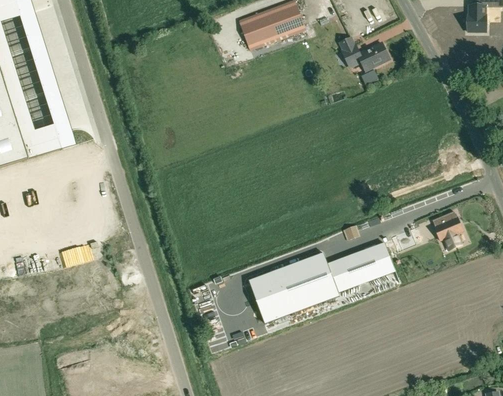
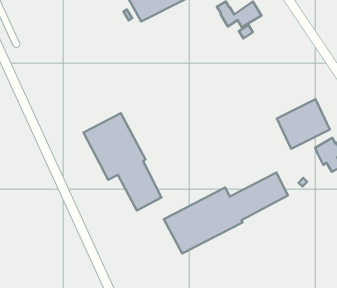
building: none -> [83,113,161,211]
building: none -> [277,99,330,149]

